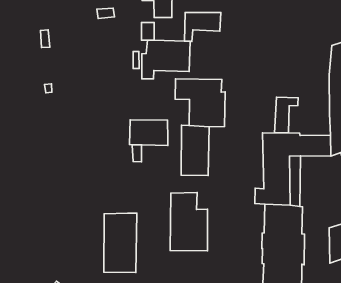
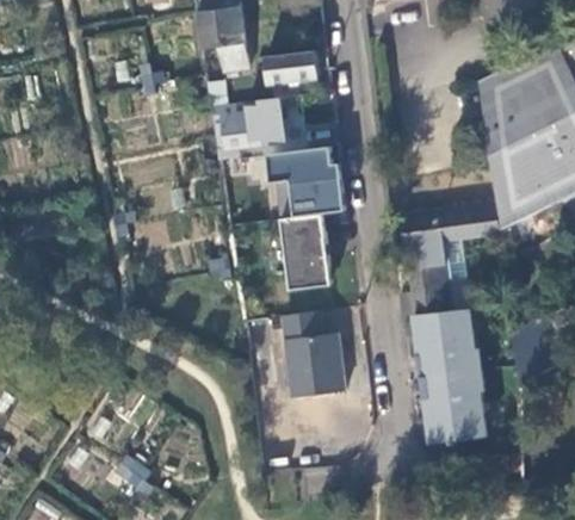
building: [274,97,298,133] -> none
building: [130,120,168,146] -> none
building: [104,213,137,273] -> none

